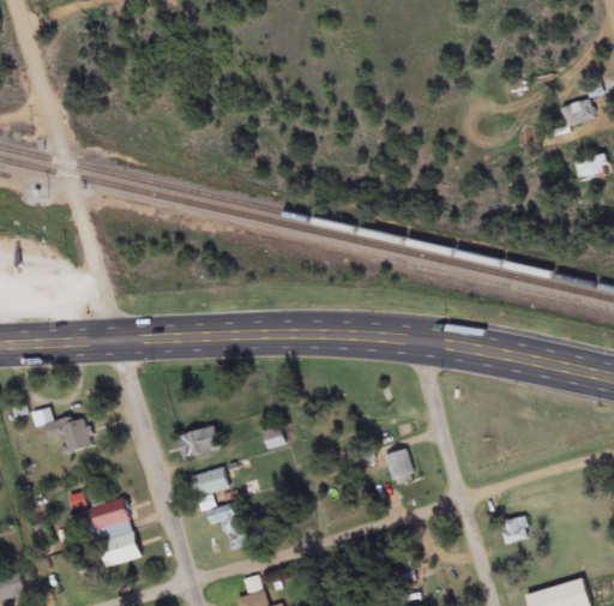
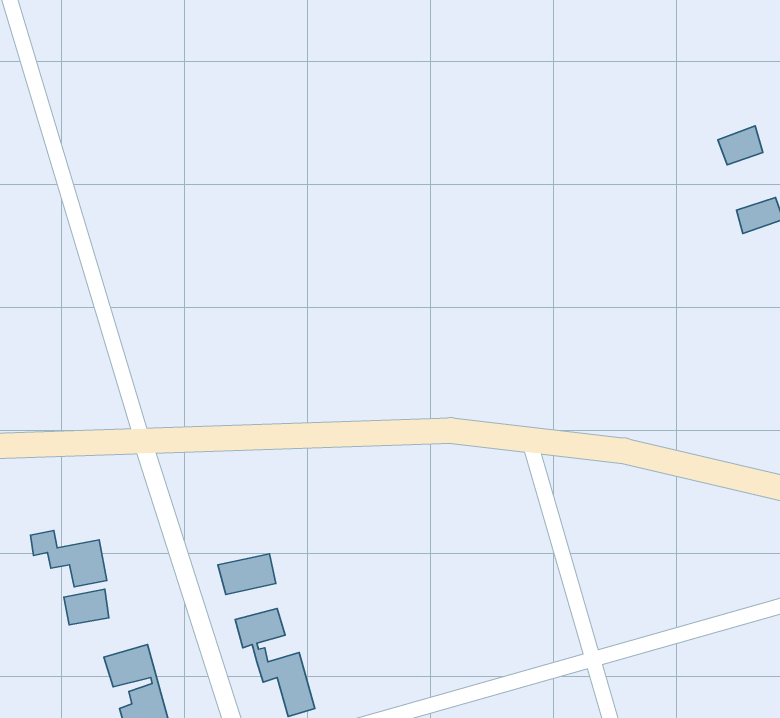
building: [384,448,415,482] -> none
building: none -> [64,589,109,625]
building: [501,516,529,544] -> none

